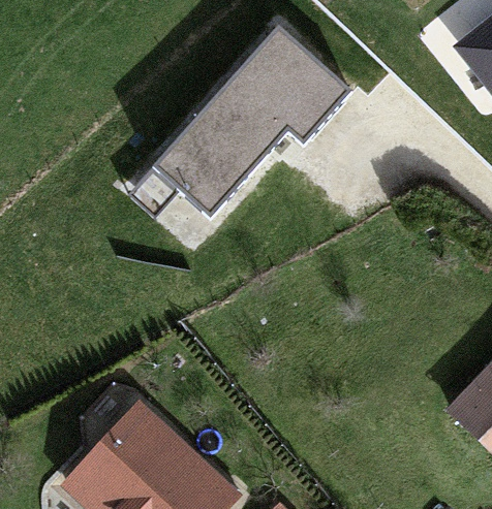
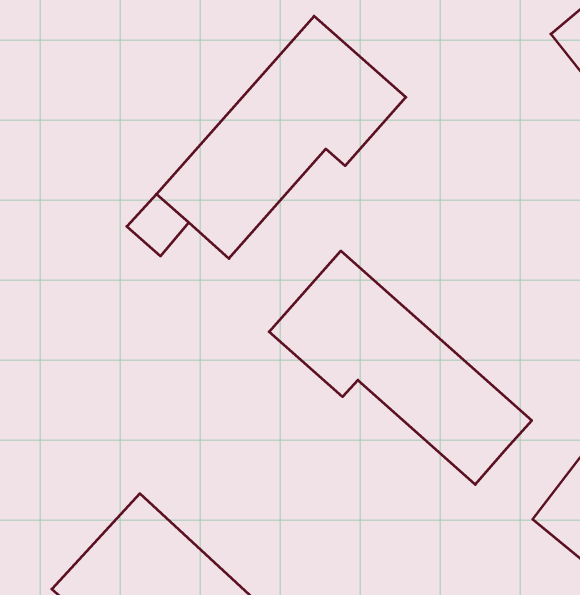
building: none -> [269,251,532,485]

